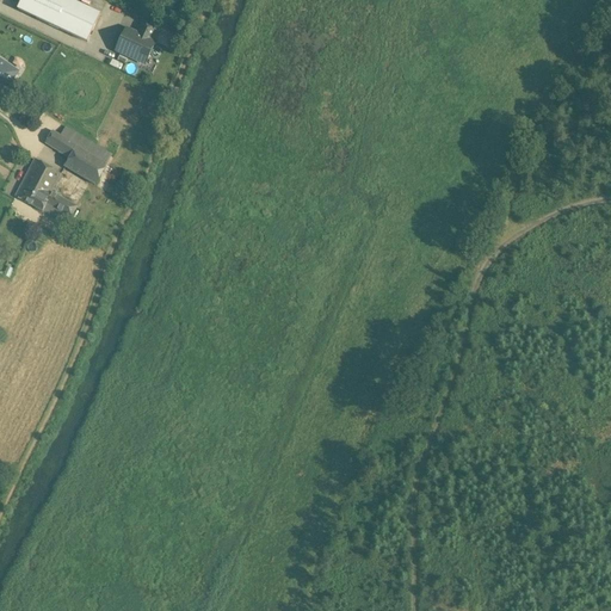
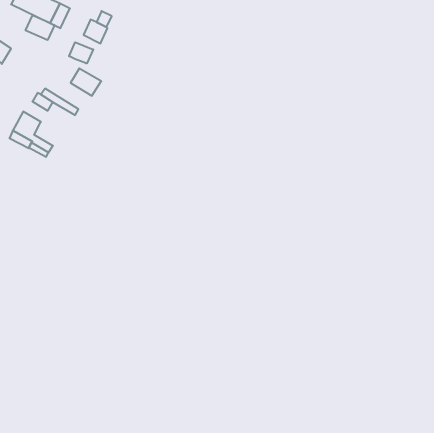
building: none -> [26,16,55,40]
building: none -> [69,42,93,63]
building: [62,143,105,181] -> [71,68,101,96]

